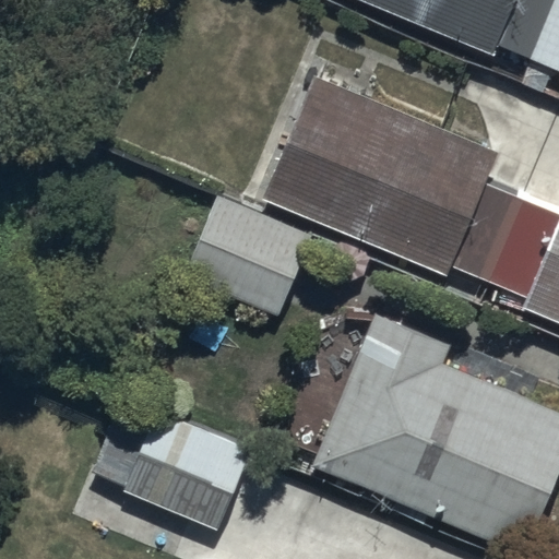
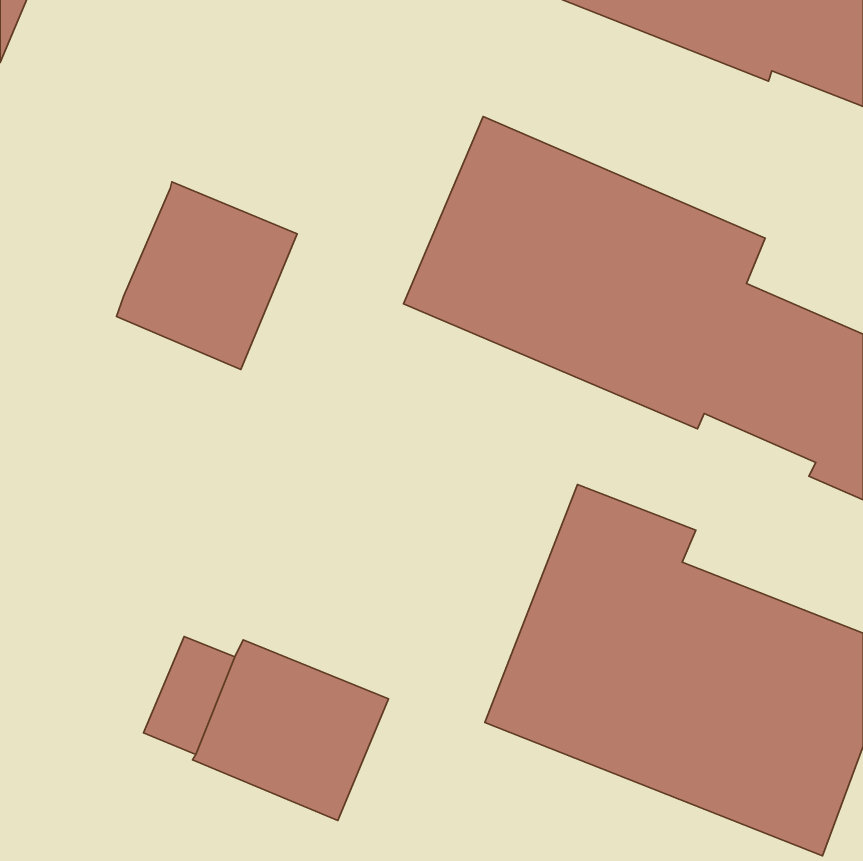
building: none -> [116,182,297,370]
building: [181,195,312,314] -> none

